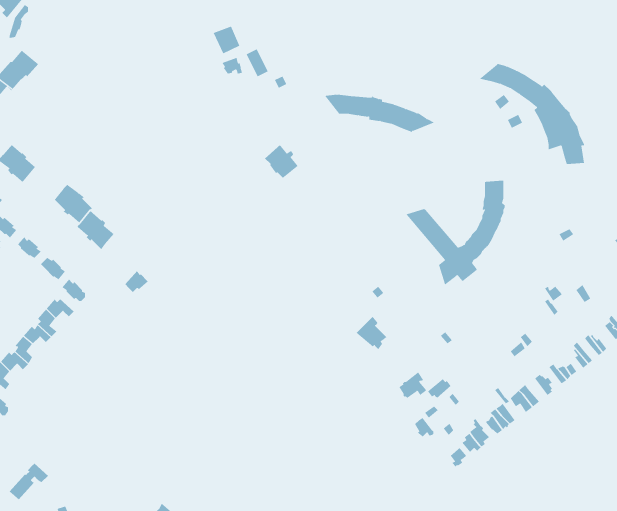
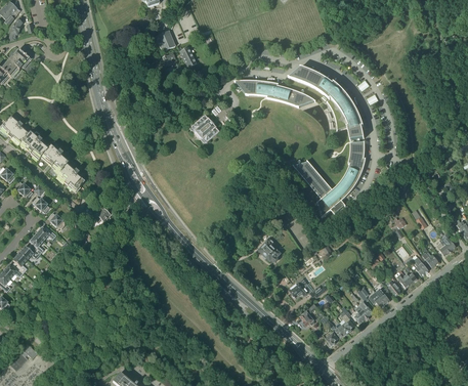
building: [479,63,585,166] -> [288,67,364,140]
building: none -> [18,130,48,159]

